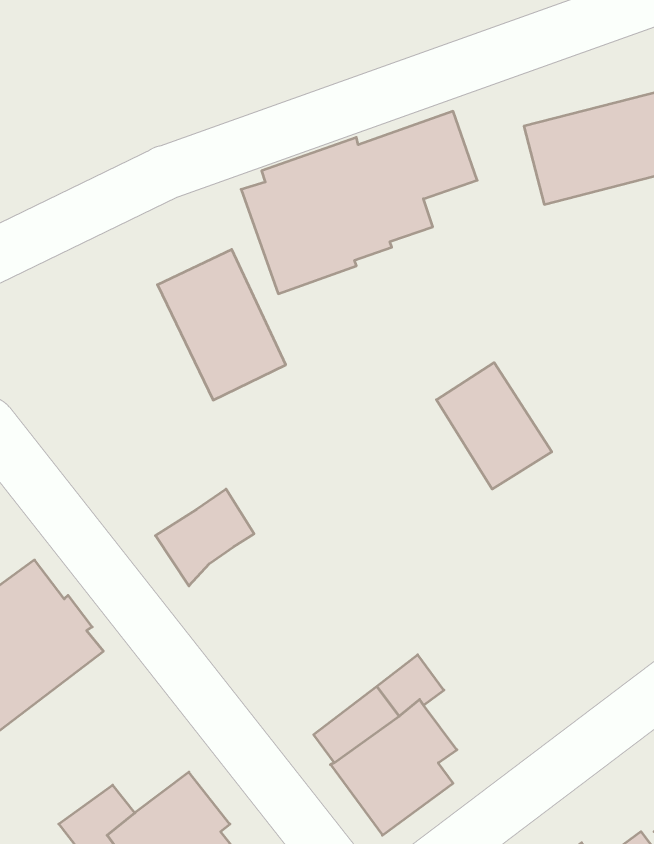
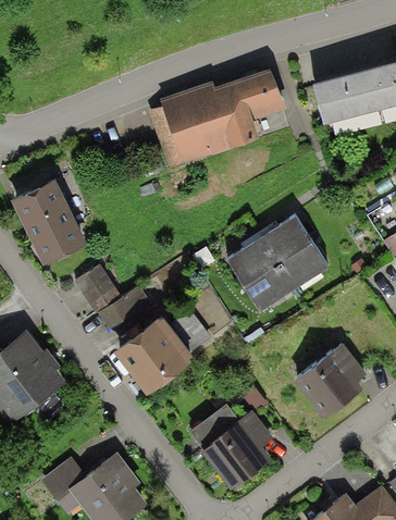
building: [157,249,286,400] -> [12,175,87,263]
building: none -> [227,236,295,310]
building: none -> [75,268,122,317]
building: none -> [114,312,193,392]
building: none -> [295,345,367,418]

